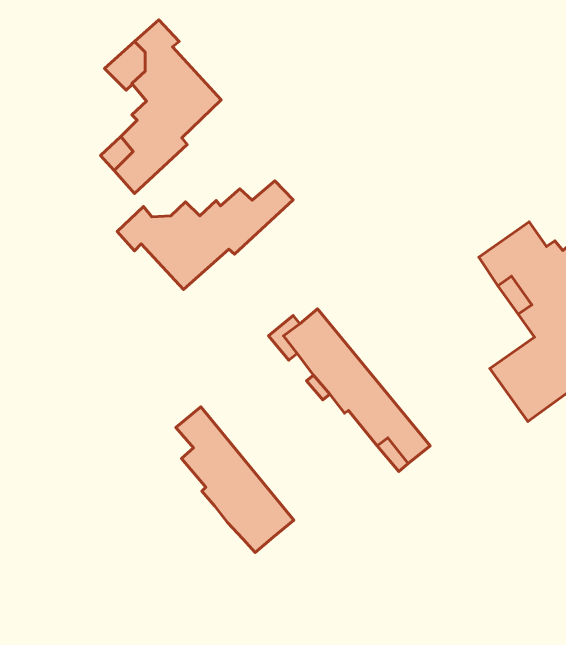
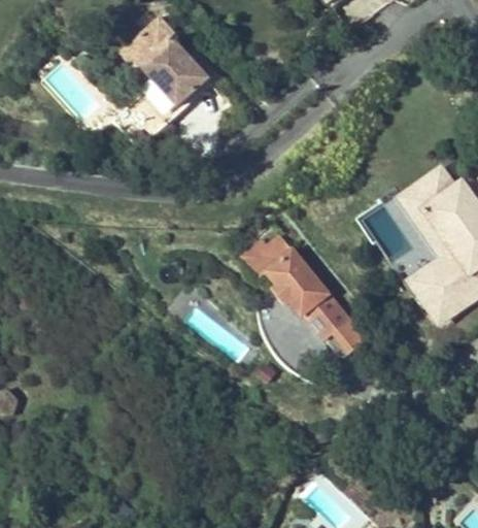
building: [117,181,293,290] -> none
building: [176,407,294,553] -> none

